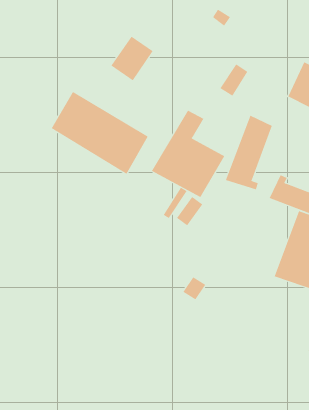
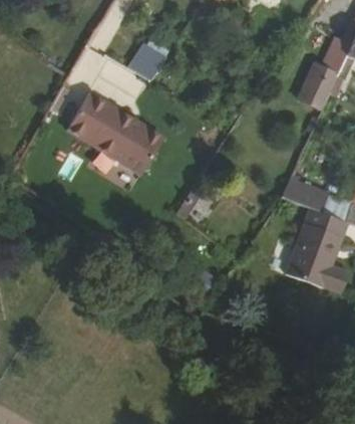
building: [151,110,225,198] -> none
building: [225,115,273,190] -> none

